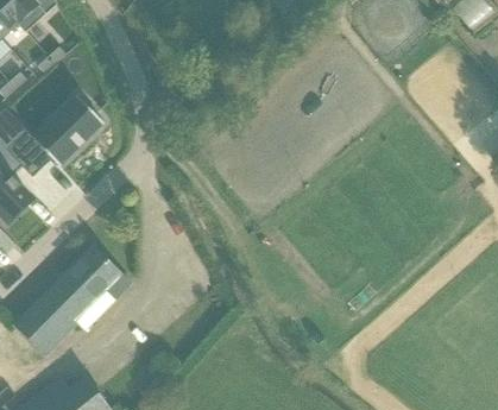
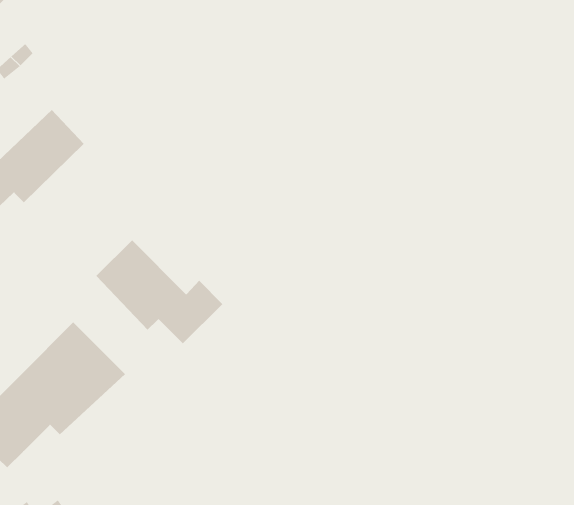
building: none -> [95,239,223,344]

